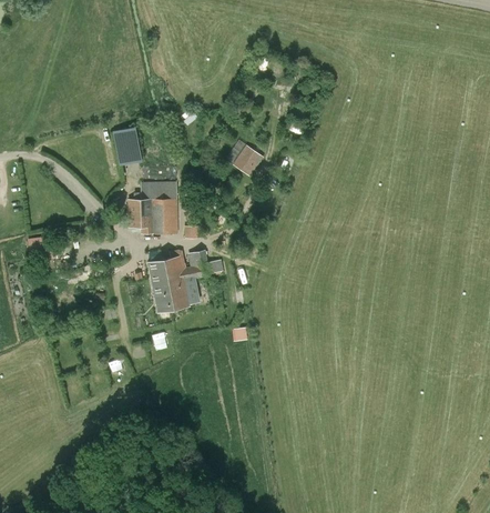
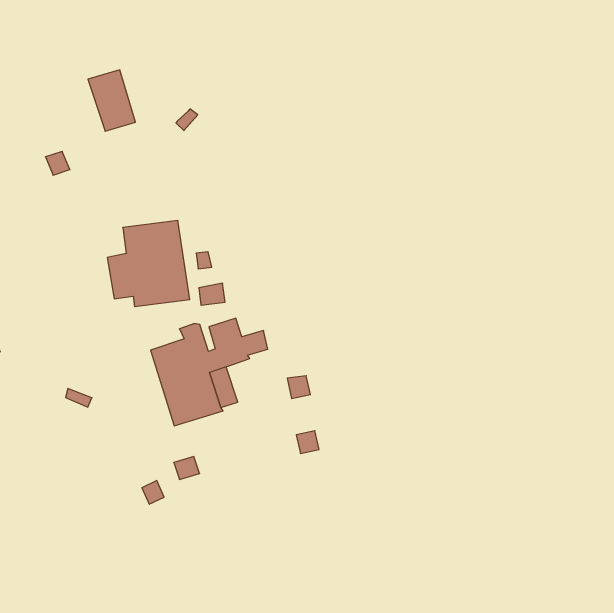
building: [113,128,140,165] -> [88,70,135,131]
building: [225,140,264,177] -> none

